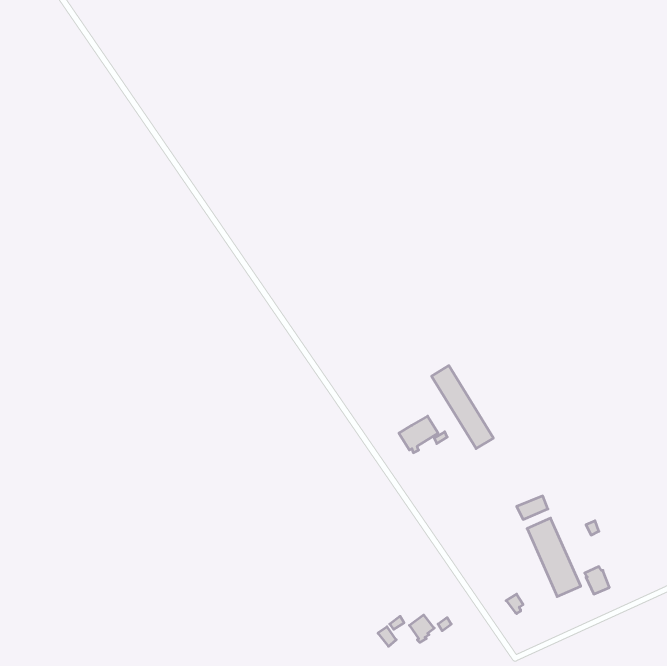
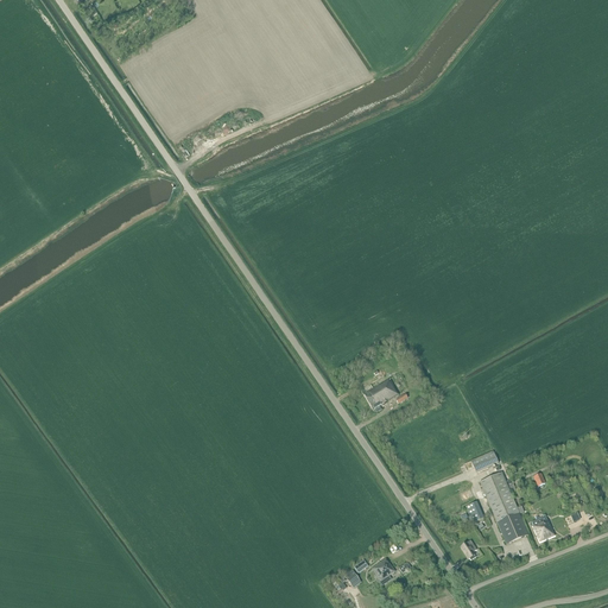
building: [432,366,493,449] -> none

